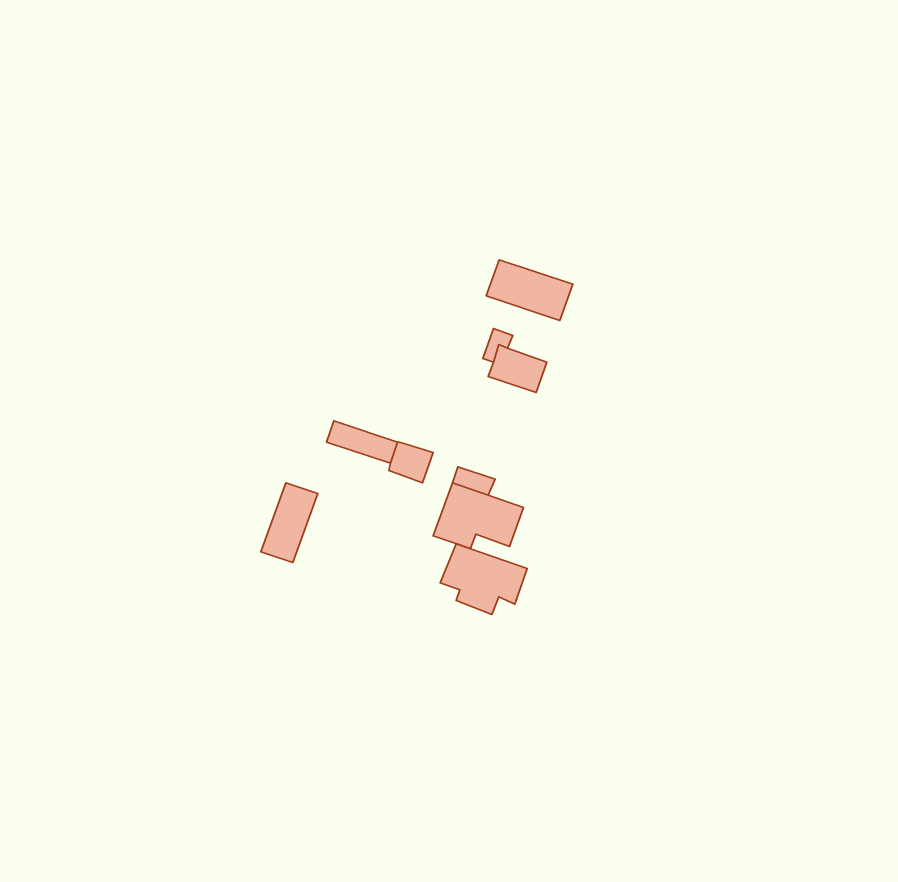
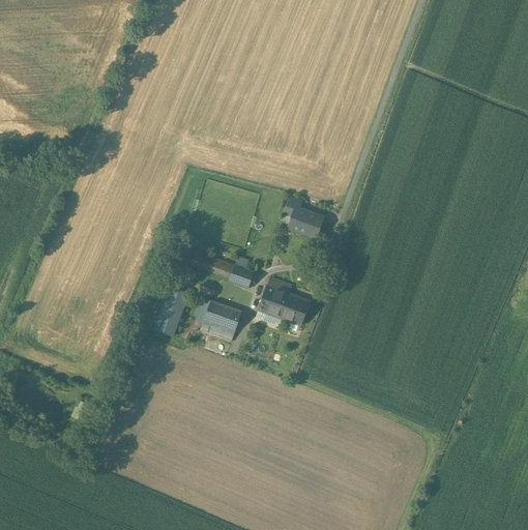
building: [486,260,573,320] -> none
building: [440,544,527,615] -> [193,296,243,337]

